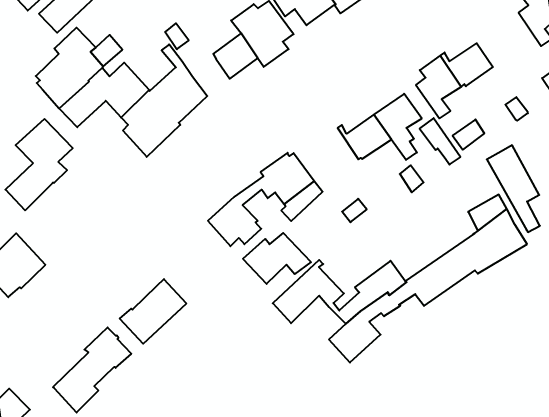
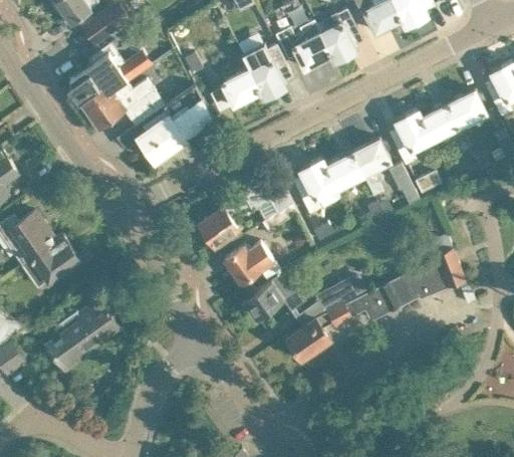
building: none -> [447,91,486,128]
building: [5,119,73,210] -> none
building: none -> [294,161,333,214]
building: [120,279,186,344] -> [21,237,79,289]

